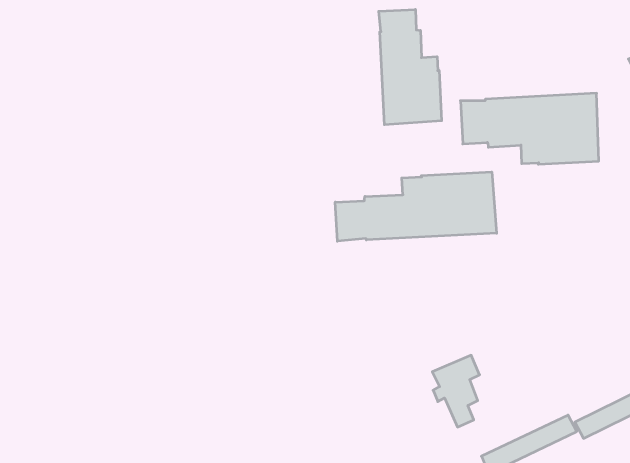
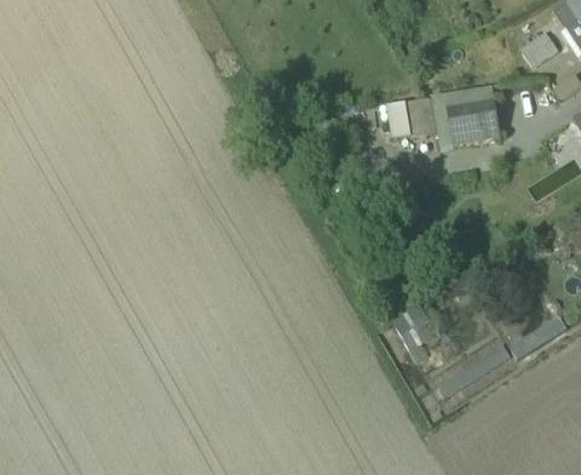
building: [379,9,442,125] -> none
building: [335,172,497,241] -> none

